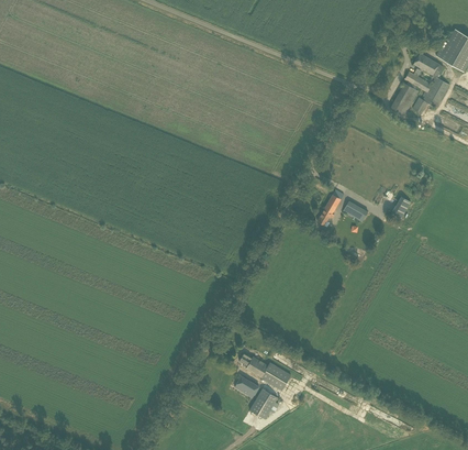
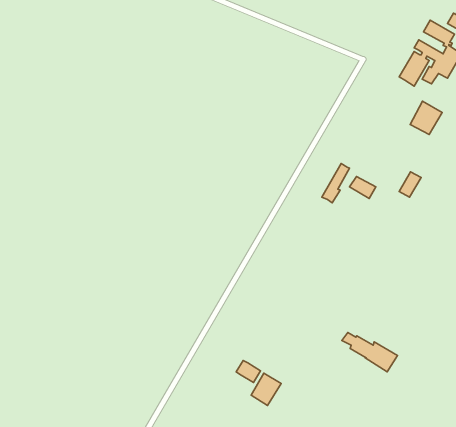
building: none -> [410,101,442,135]
building: [238,353,291,391] -> [342,332,397,372]

